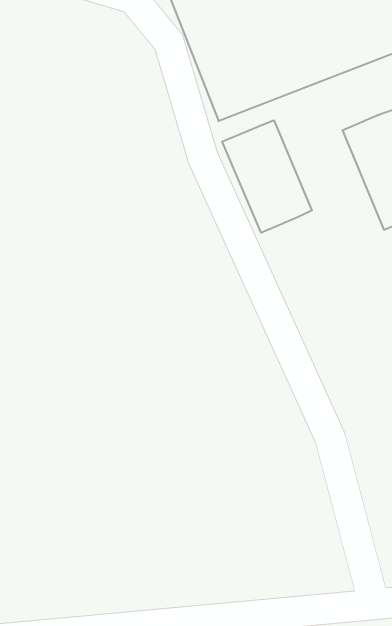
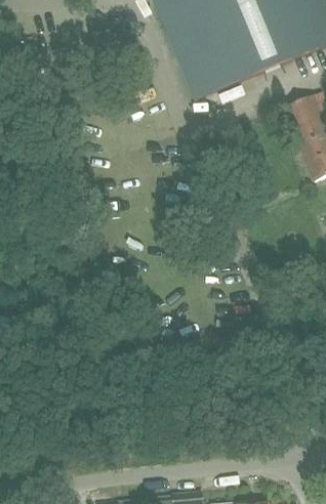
building: [222,120,312,233] -> none

